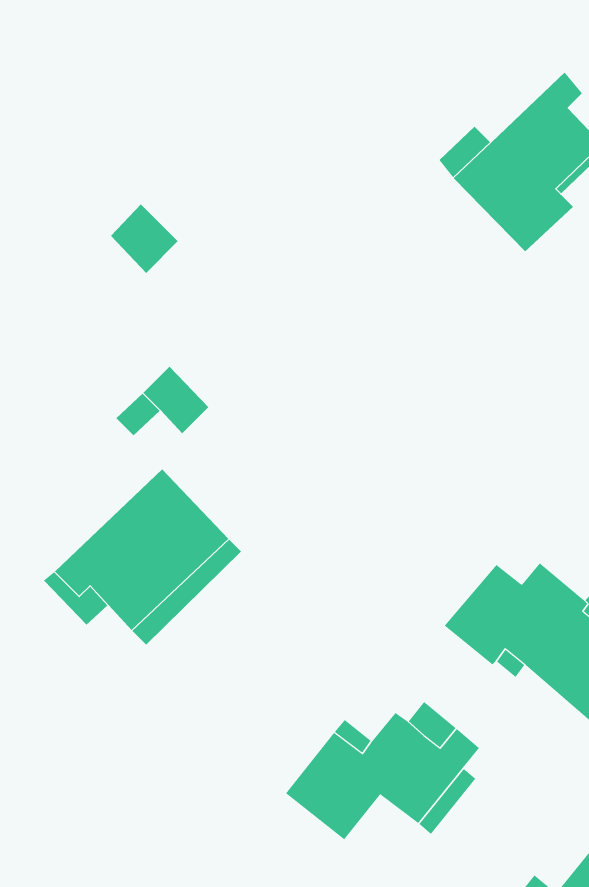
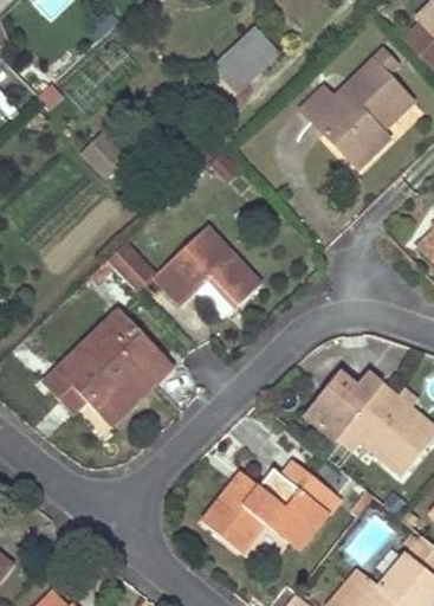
building: none -> [205,28,278,102]
building: none -> [155,226,261,303]

